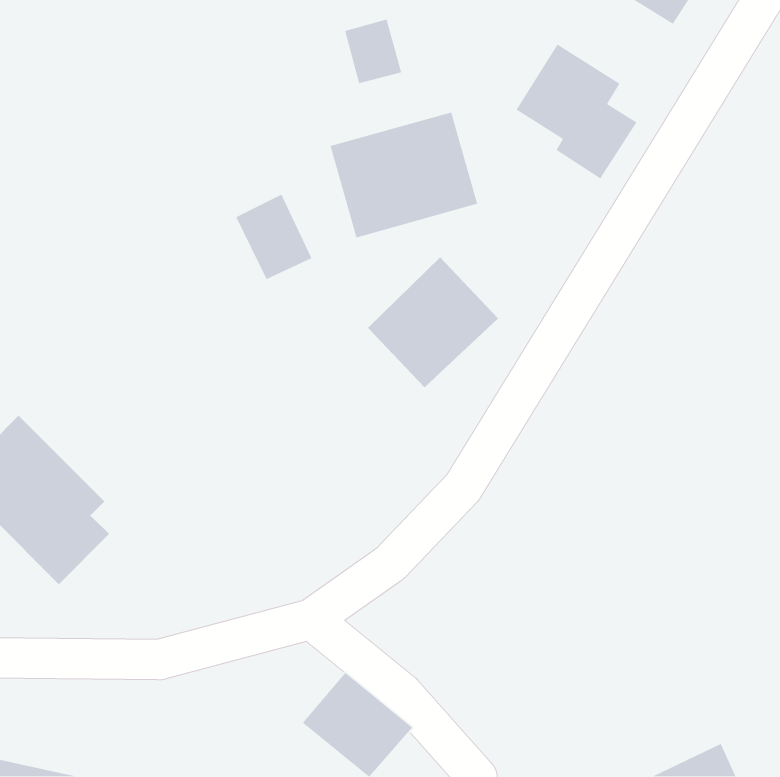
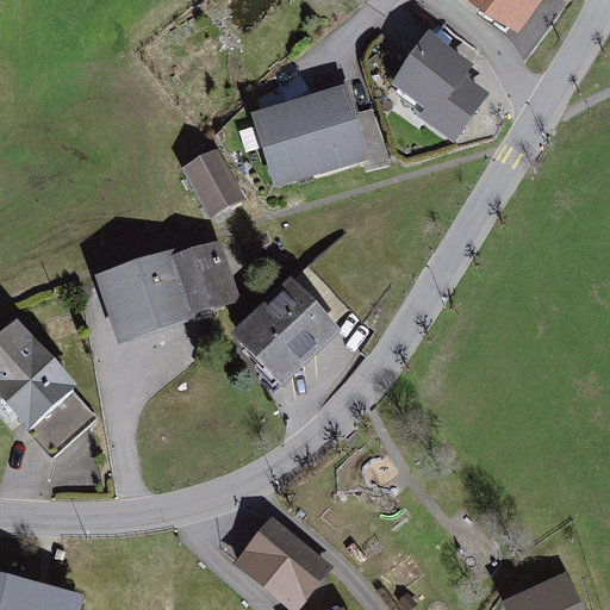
building: [344,18,402,84] -> none
building: [367,257,499,388] -> [237,280,338,381]
building: none -> [92,241,239,343]

